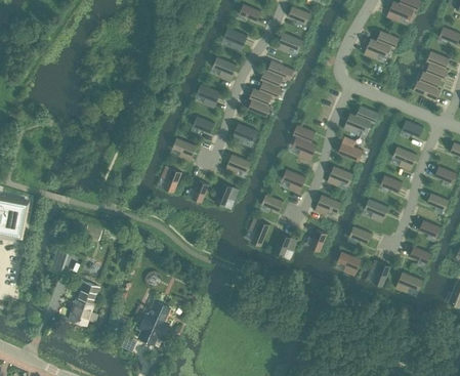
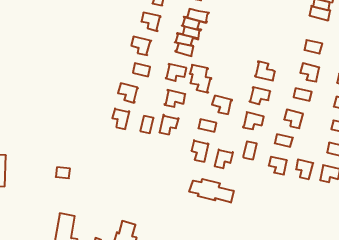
building: [343,105,379,134] -> none
building: [292,124,318,160] -> [190,65,211,93]
building: none -> [189,179,234,203]

